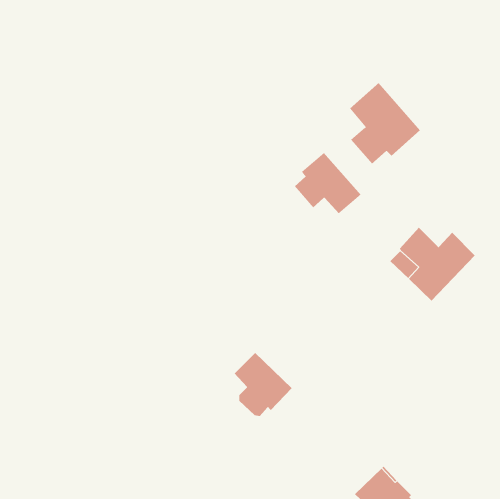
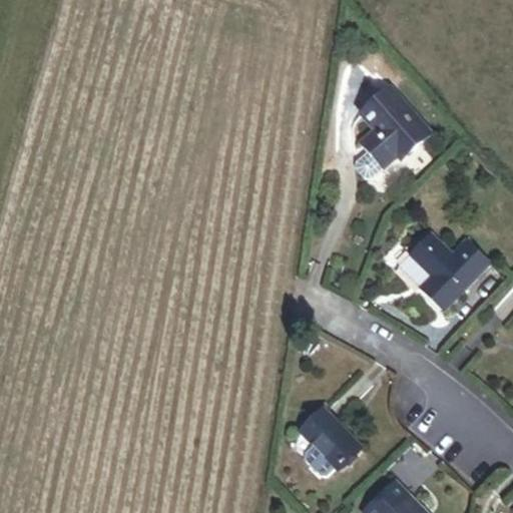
building: [294,152,361,214] -> none
building: [234,352,292,417] -> [300,407,360,473]

